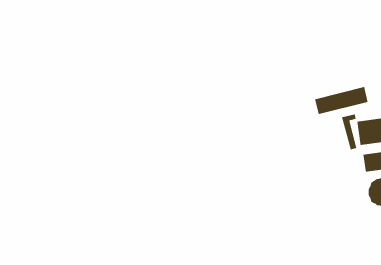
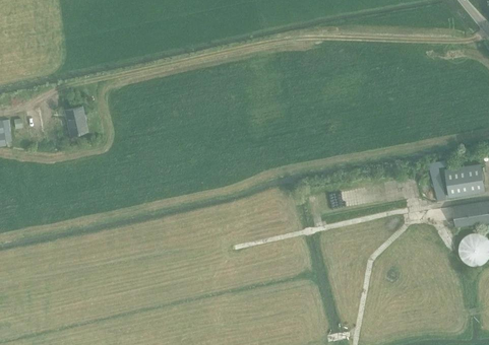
building: none -> [65,107,87,135]
building: [315,86,368,115] -> none

